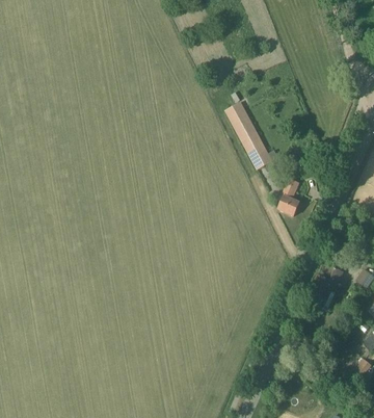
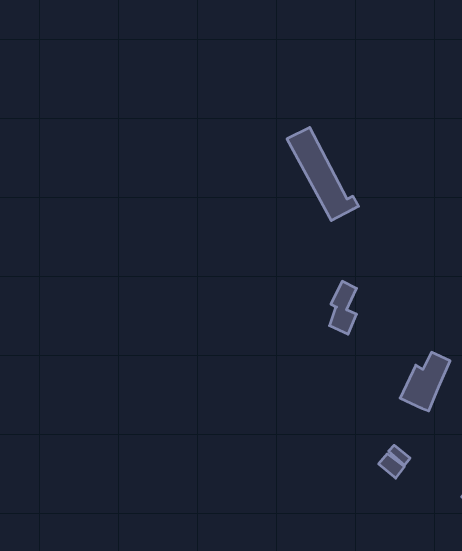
building: [279,178,299,216] -> [329,281,357,334]

